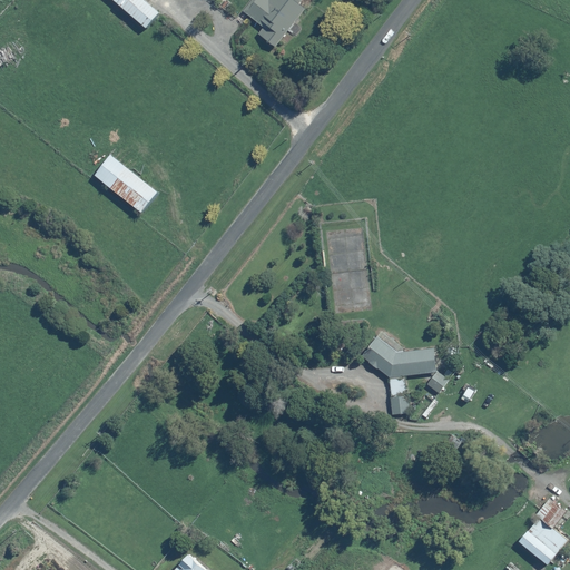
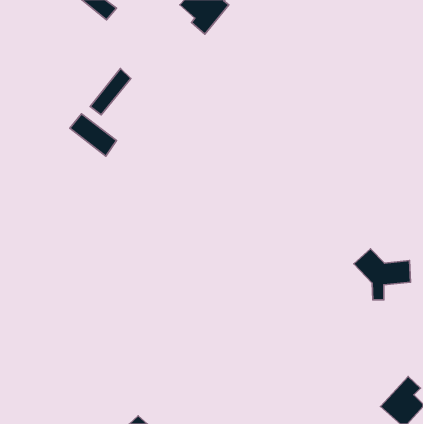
building: none -> [90,69,131,115]
building: [362,332,438,400] -> [354,249,410,300]

